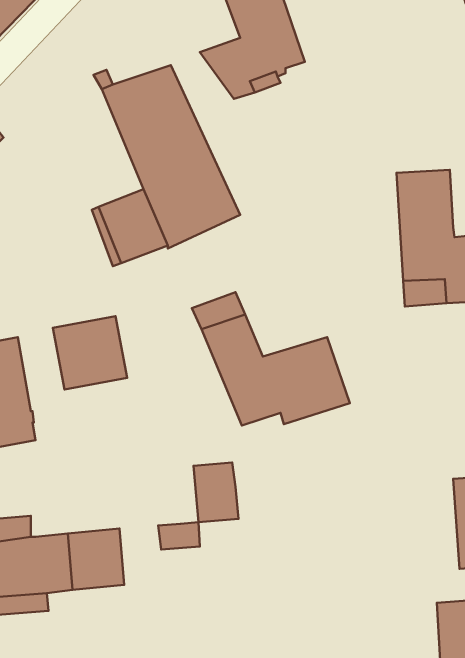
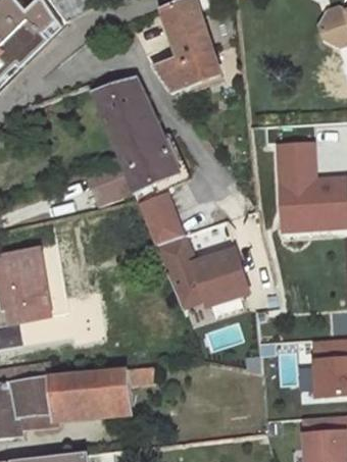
building: none -> [138,193,177,232]
building: [53,316,127,389] -> none
building: [194,463,239,522] -> [103,369,132,407]

